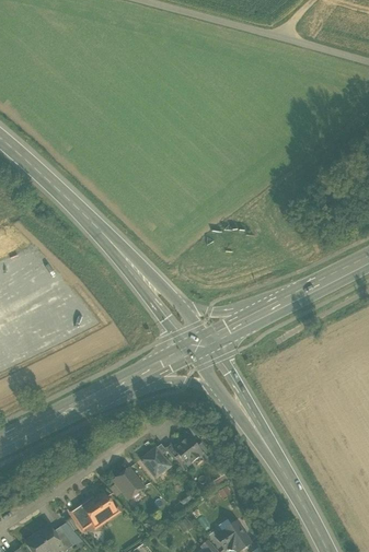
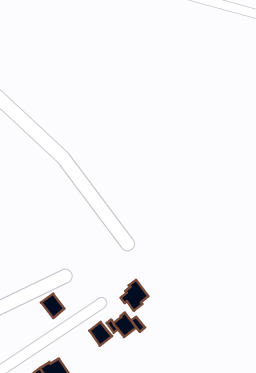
building: none -> [121,280,148,311]
building: [114,469,143,500] -> [41,294,64,318]

